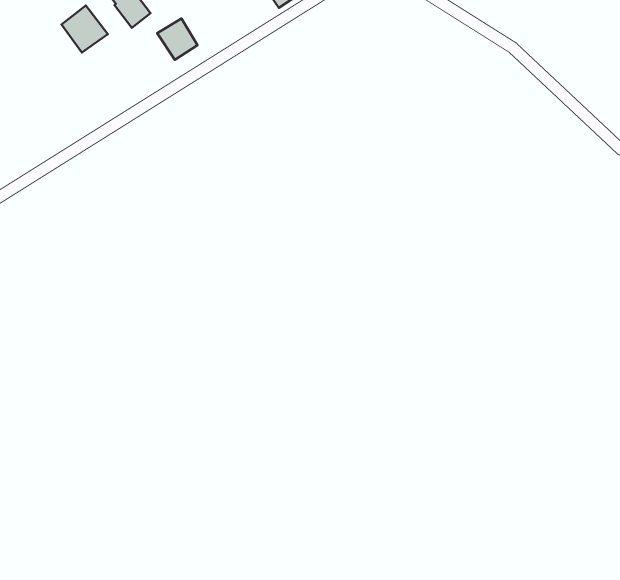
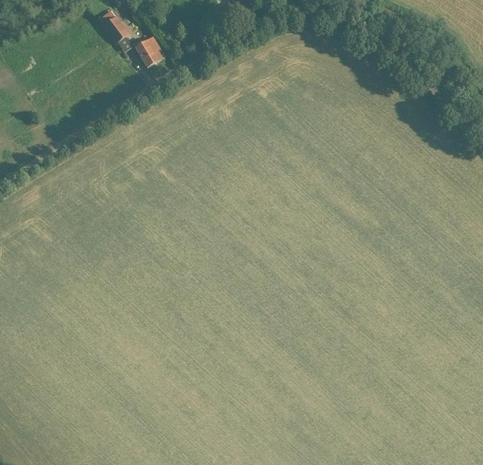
building: [61,5,108,52] -> none

